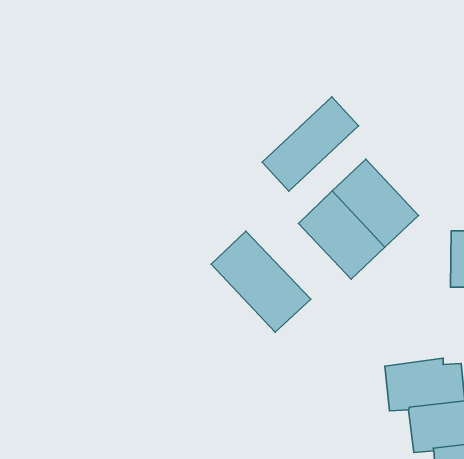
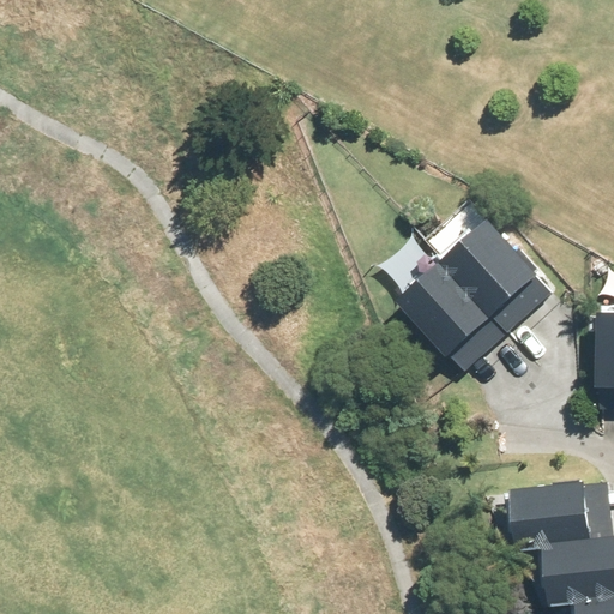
building: [262,97,359,191] -> none
building: [211,231,311,332] -> none

